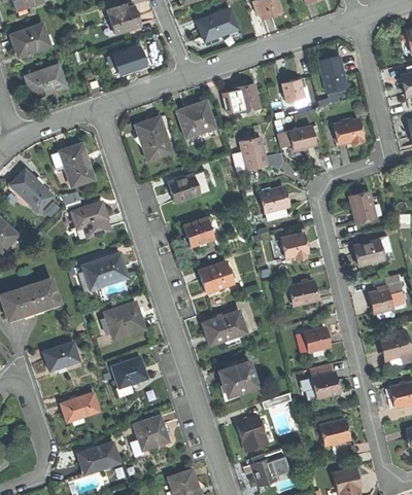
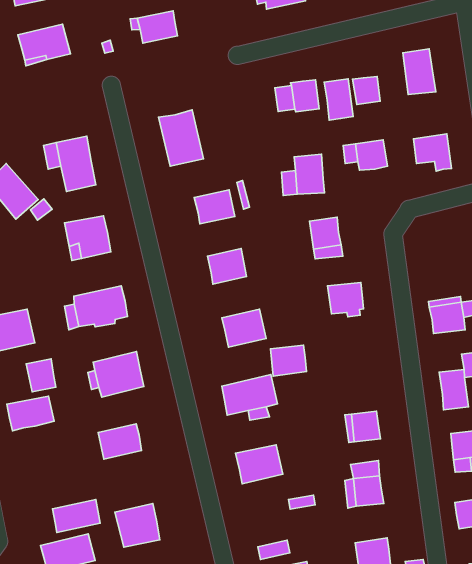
building: none -> [324,79,353,120]
building: [177,104,216,137] -> none
building: [347,188,374,219] -> none
building: [286,282,315,308] -> [271,345,306,376]
building: none -> [26,359,56,392]
building: [61,393,98,421] -> [52,500,100,533]
building: [238,415,265,439] -> none

